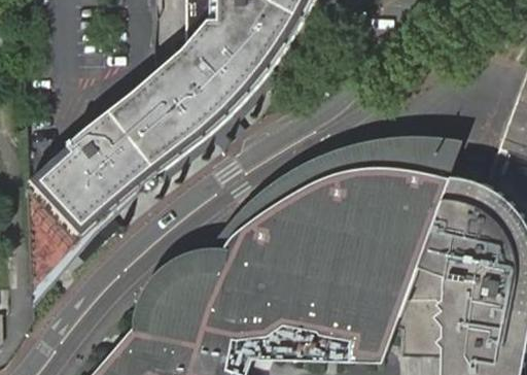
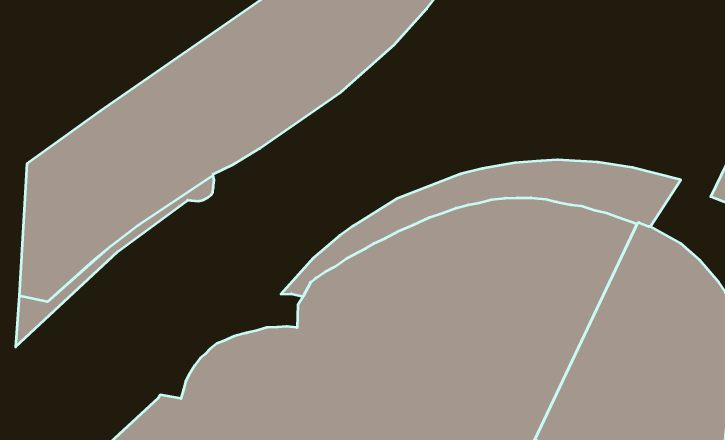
building: [136,247,227,328] -> none

